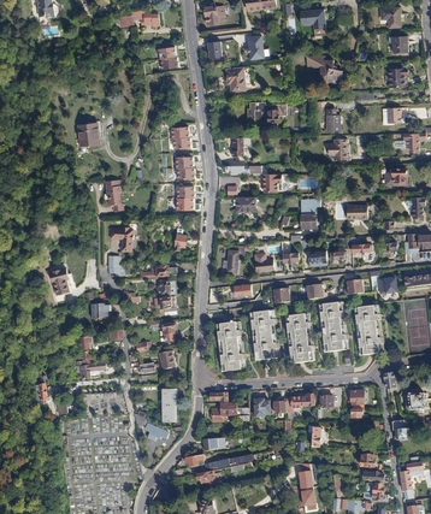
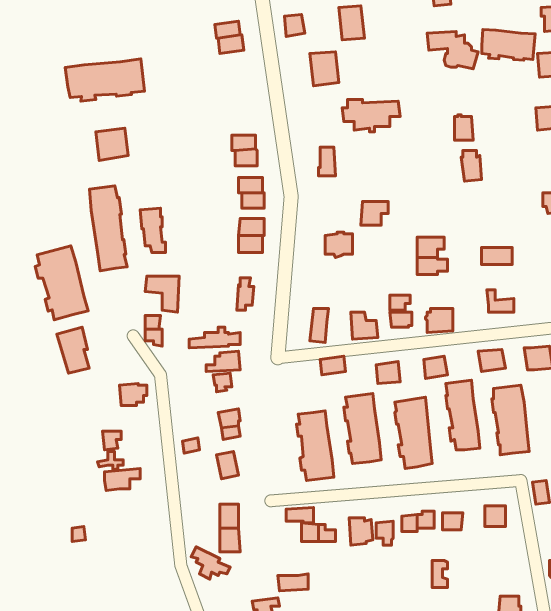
building: none -> [482,30,535,60]
building: none -> [65,59,144,101]
building: none -> [89,186,127,271]
building: none -> [35,246,88,320]

